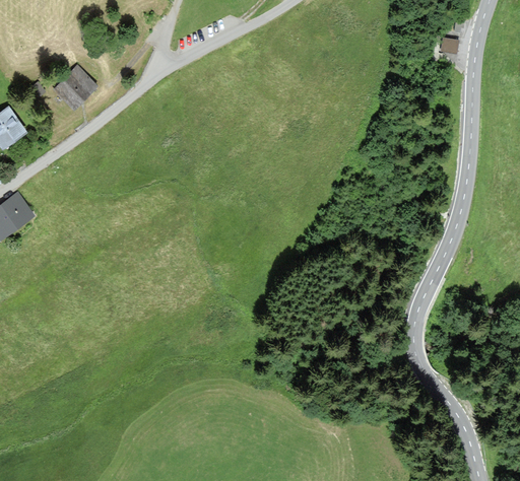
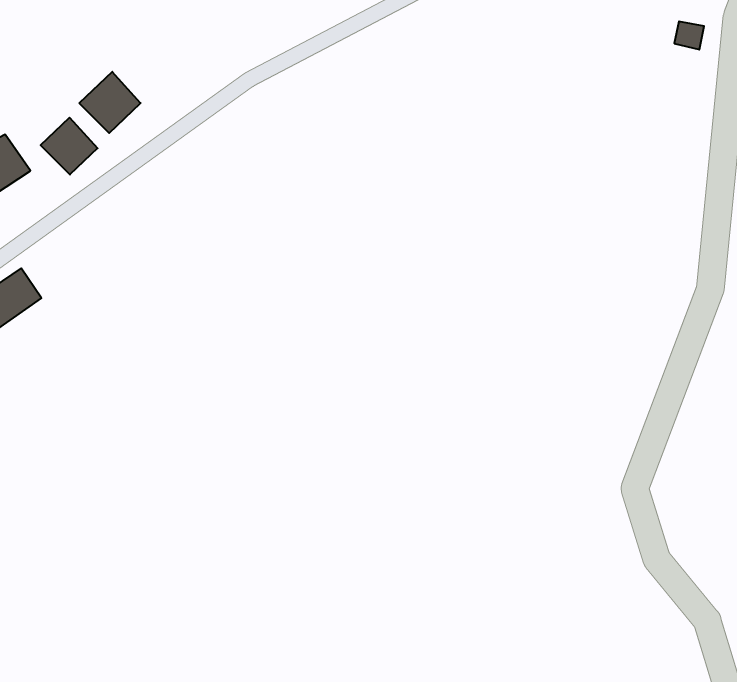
building: none -> [41,118,98,175]

